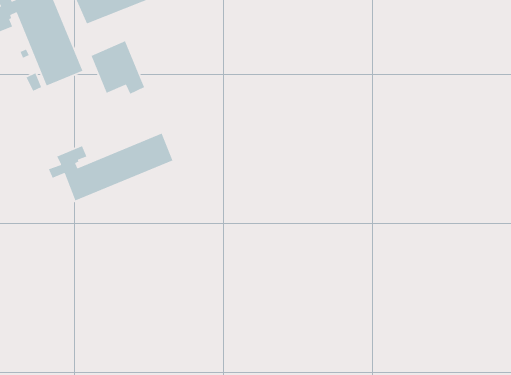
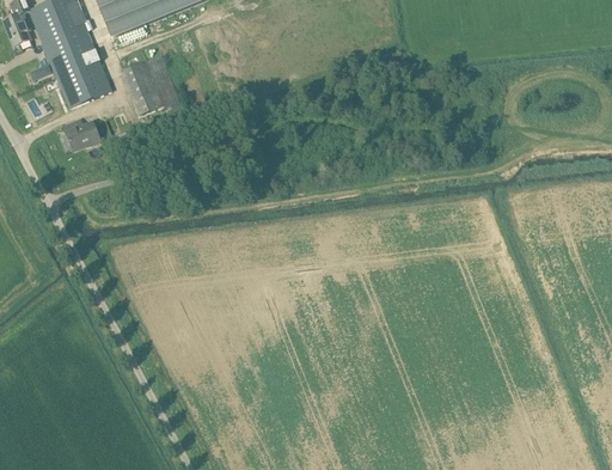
building: none -> [62,118,99,149]
building: [48,133,173,202] -> none

